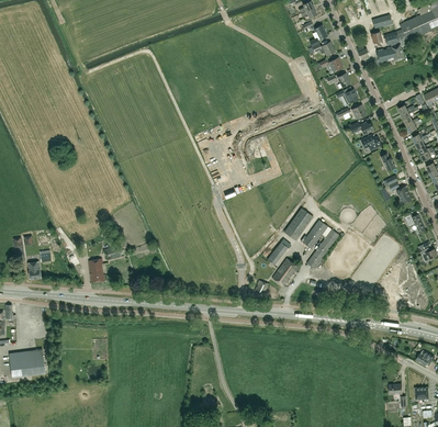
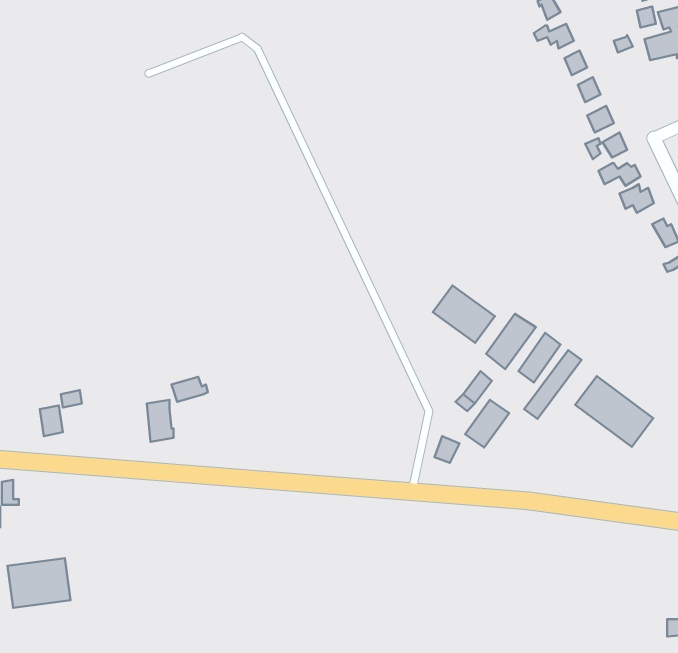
building: none -> [433,285,495,343]
building: none -> [575,376,653,447]

